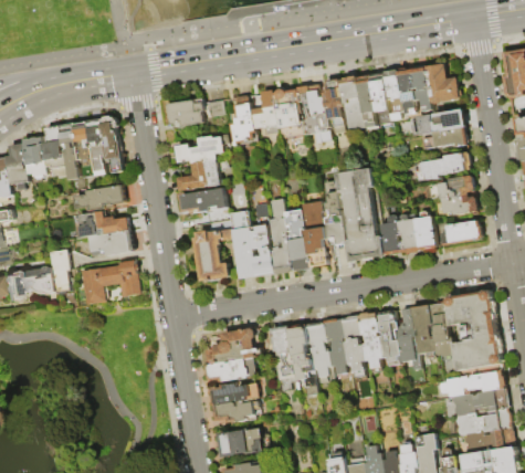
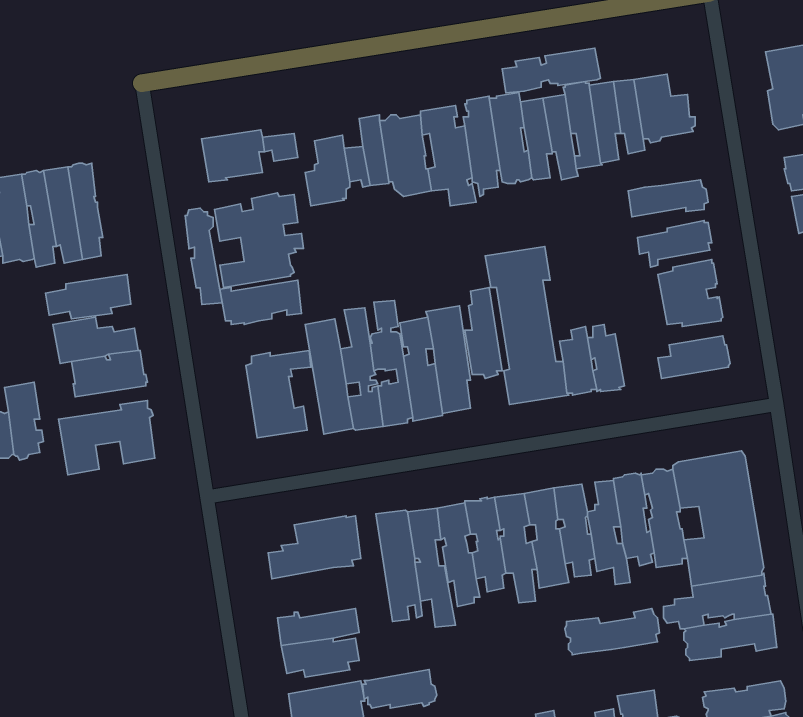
building: [407,109,465,136] -> [502,48,600,93]
building: [101,115,123,172] -> [185,208,222,305]
building: [412,211,435,251] -> none
building: [204,359,249,382] -> [362,669,437,708]
building: [455,407,512,434] -> [565,609,659,655]

